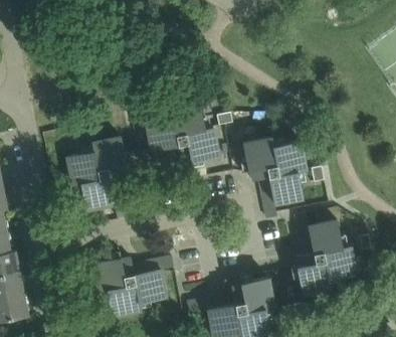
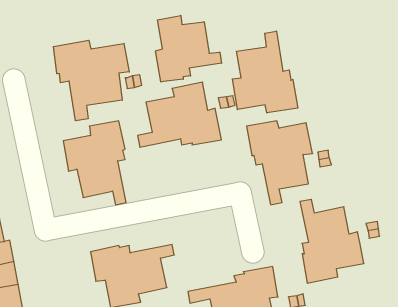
building: none -> [155,15,222,82]
building: none -> [232,31,298,113]
building: none -> [53,40,129,121]

